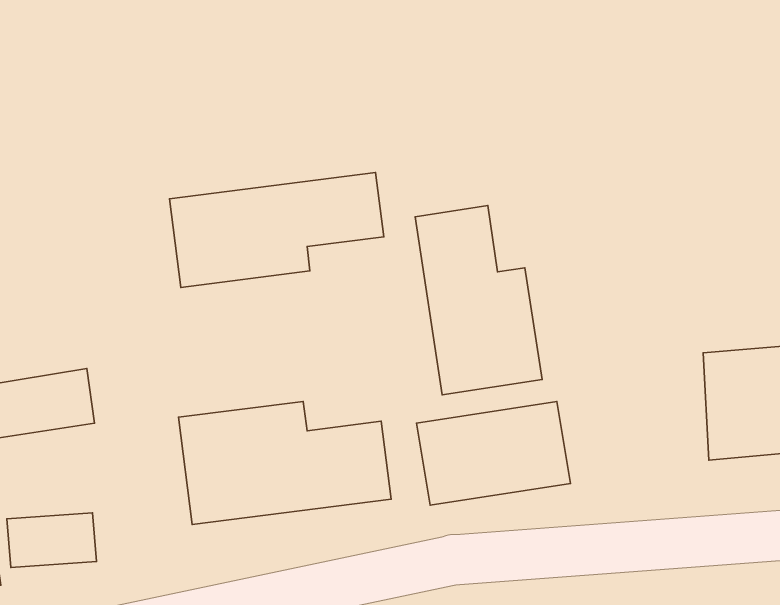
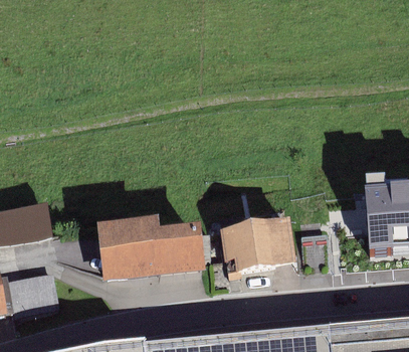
building: [170,172,384,287] -> none
building: [415,206,542,395] -> none

